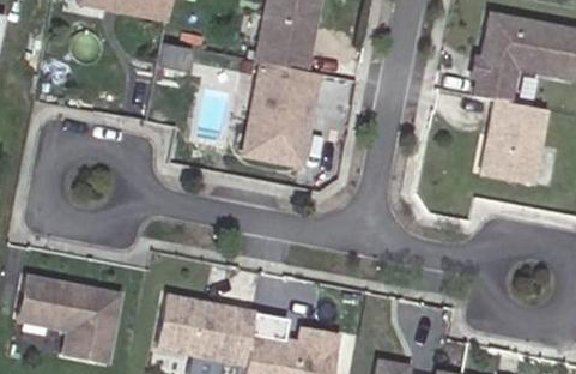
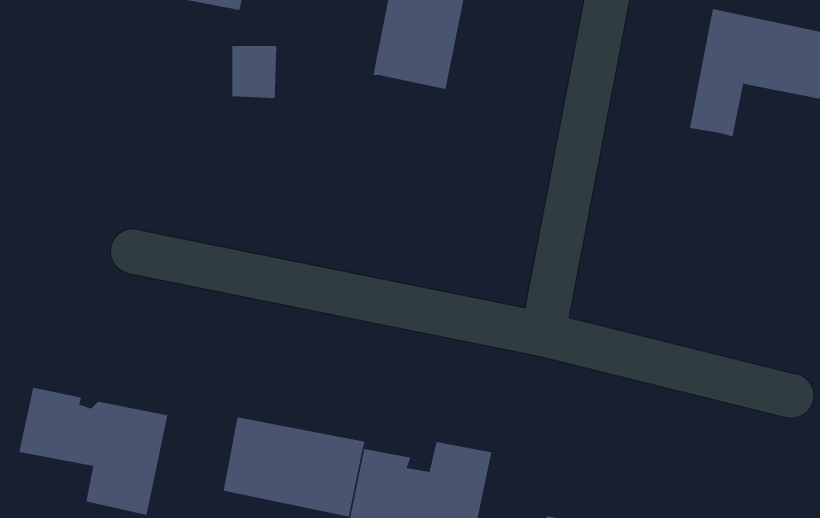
building: [245,62,321,165] -> none
building: [480,102,542,183] -> none

